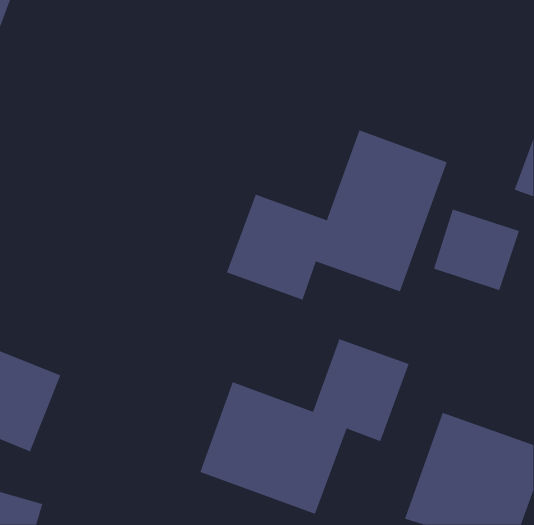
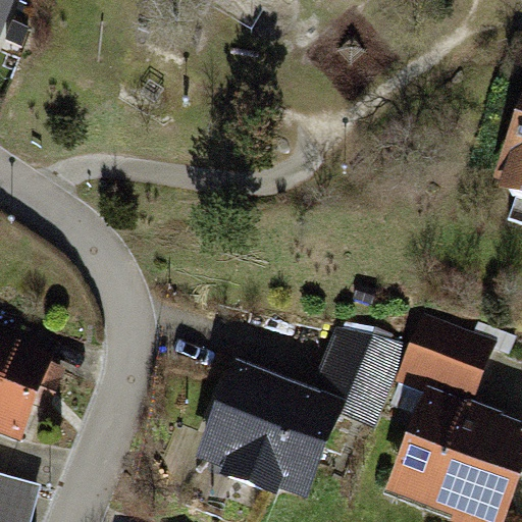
building: [226,129,448,300] -> none
building: [433,209,520,291] -> [406,321,489,401]

